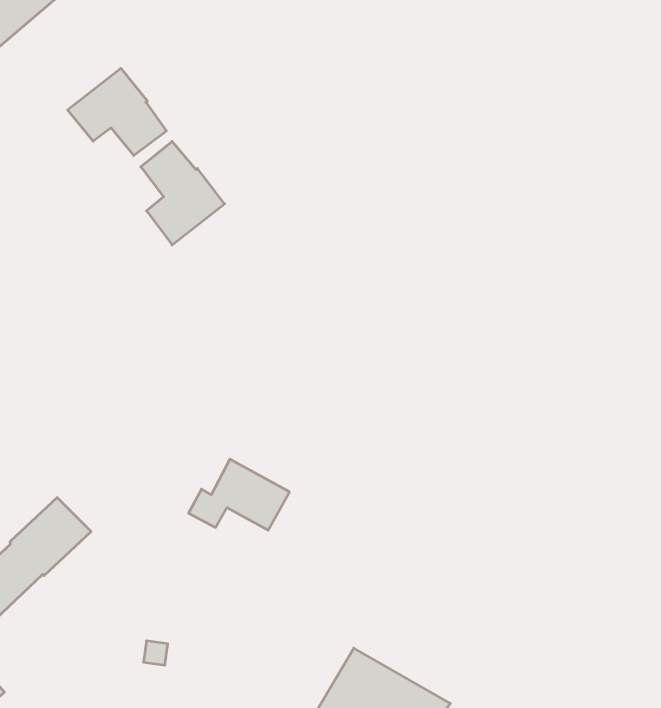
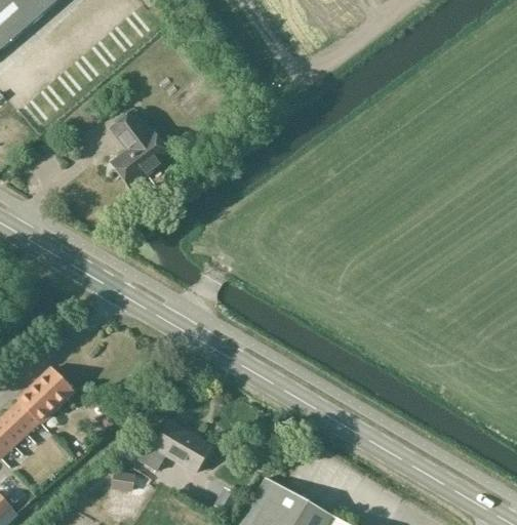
building: [68,68,166,156] -> none
building: [189,459,289,530] -> [136,422,209,474]

